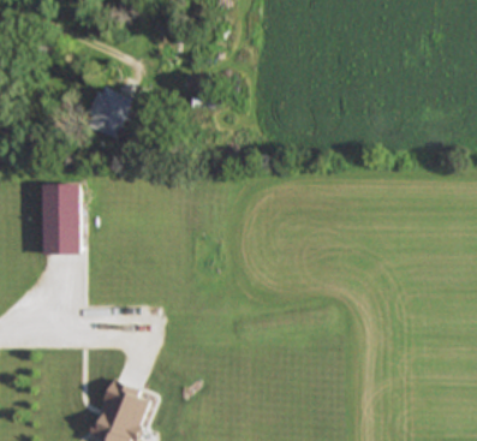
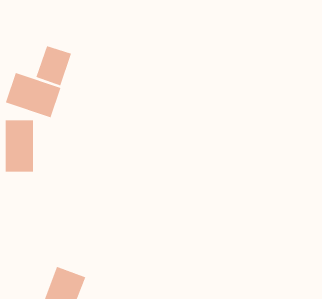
building: none -> [5,72,61,118]

